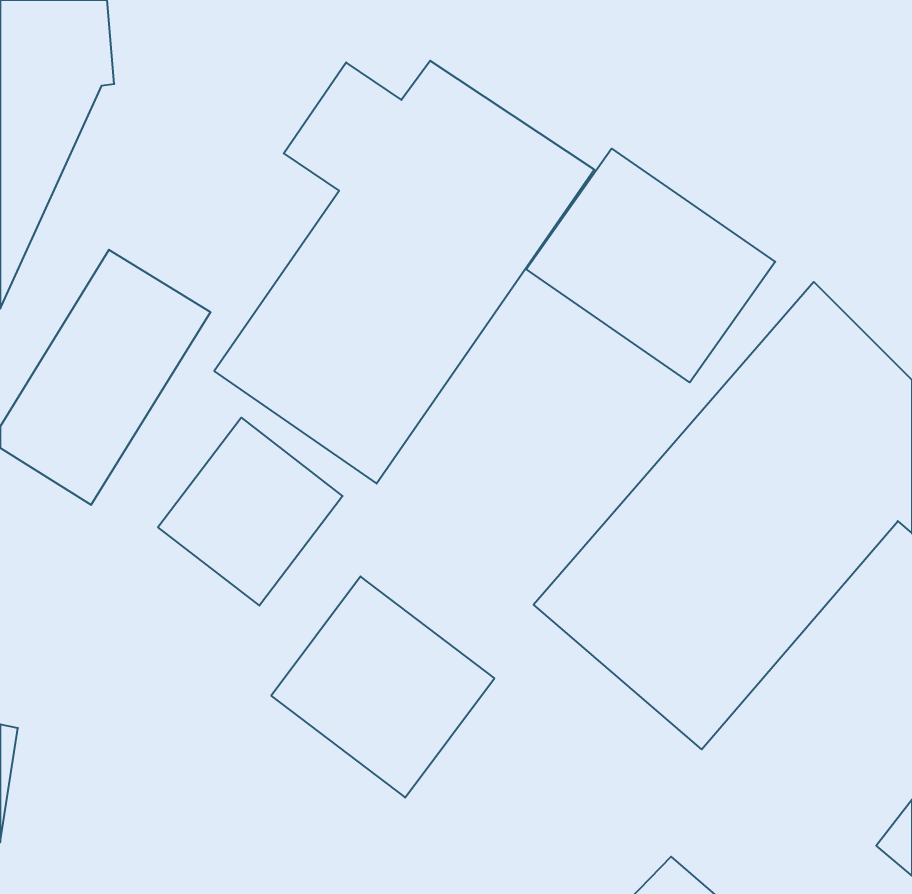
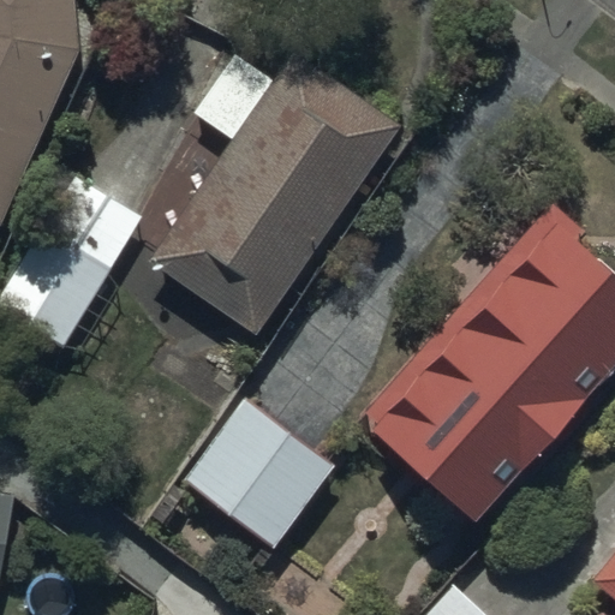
building: [526,149,775,382] -> none
building: [158,418,343,606] -> none

